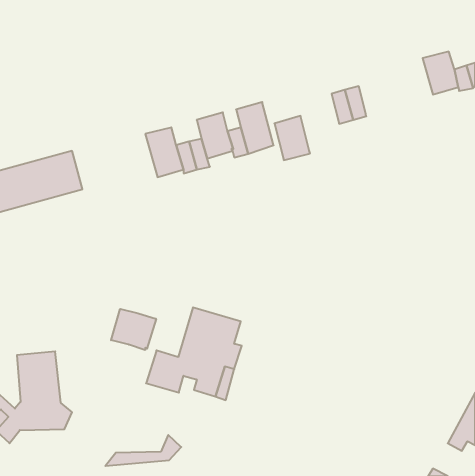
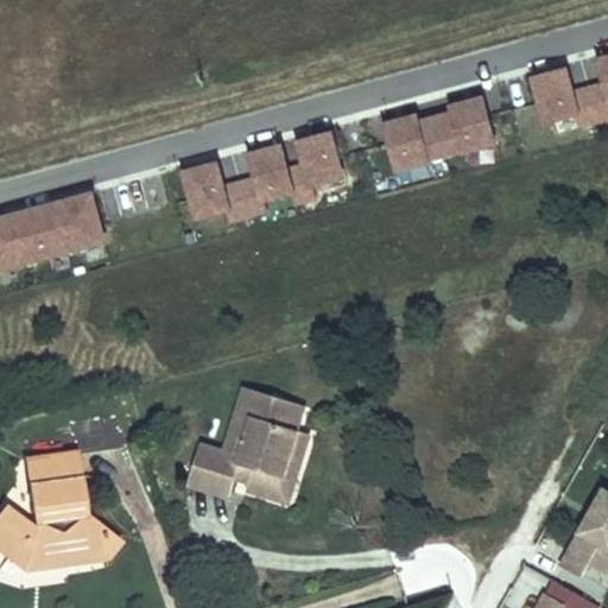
building: none -> [452,95,496,142]
building: [274,116,310,160] -> [386,113,431,169]
building: [111,309,156,350] -> none
building: [105,435,181,466] -> [12,522,108,562]

